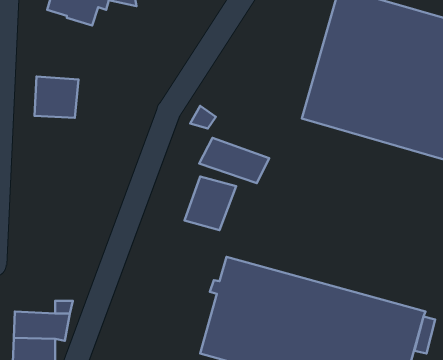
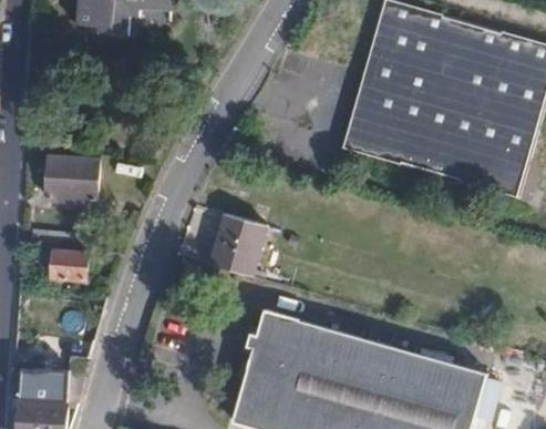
building: [35,77,79,118] -> [45,155,95,202]
building: [199,138,269,183] -> none
building: none -> [50,249,85,282]

